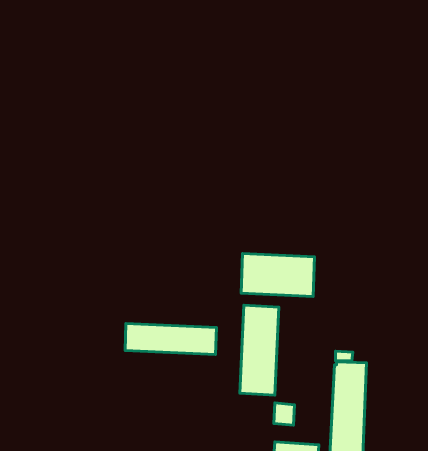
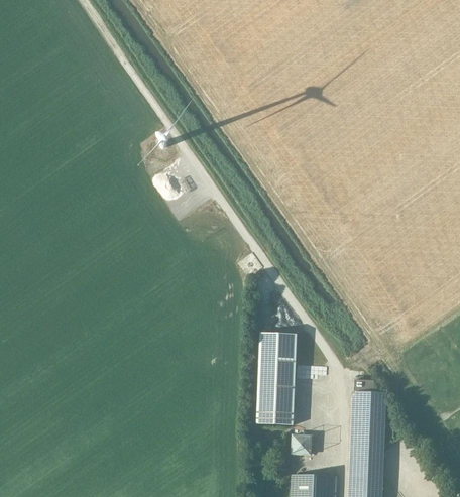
building: [241,253,314,296] -> none
building: [125,323,216,354] -> none

